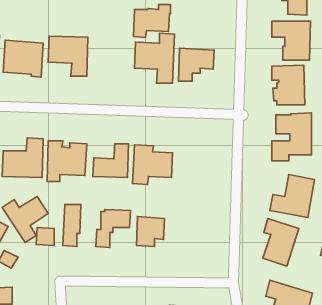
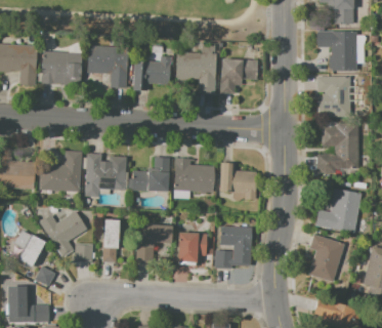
building: [134,5,170,37] -> [133,56,171,90]
building: none -> [219,163,256,201]
building: none -> [214,225,252,270]

